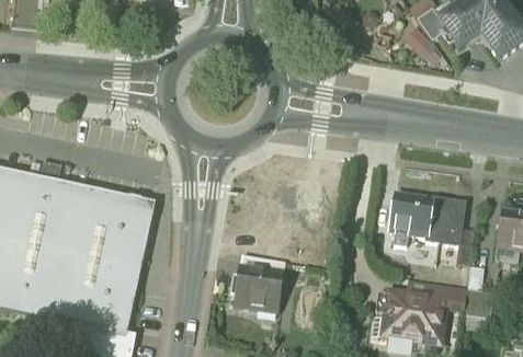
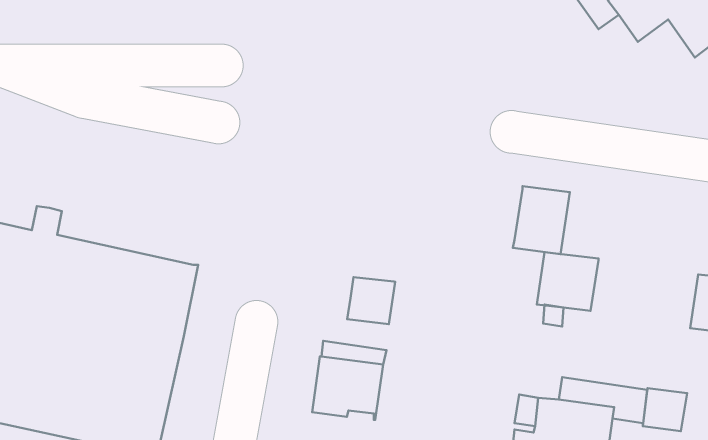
building: [425,196,465,243] -> [513,186,570,254]
building: none -> [347,277,395,324]

